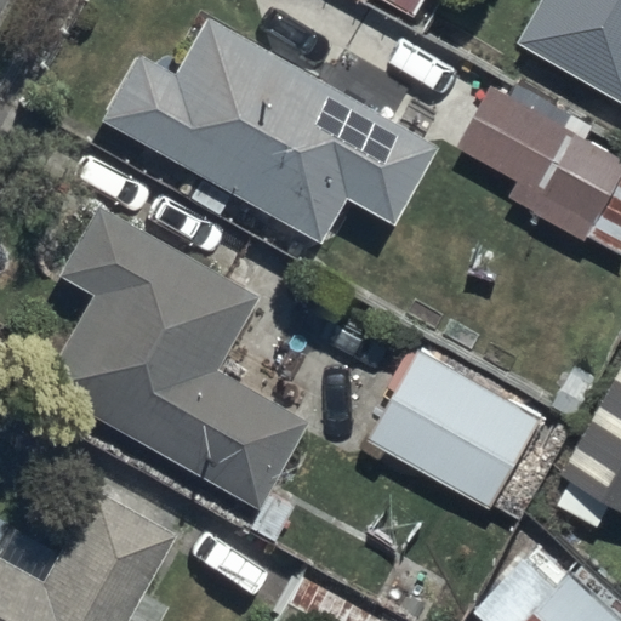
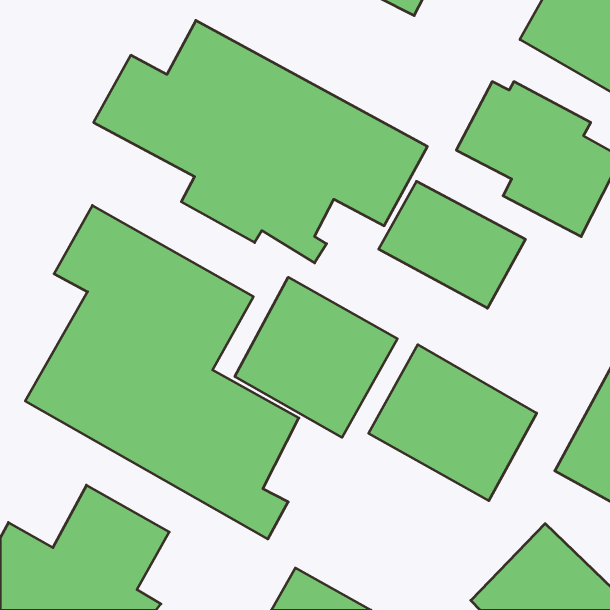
building: none -> [379,181,525,308]
building: none -> [235,277,397,437]

